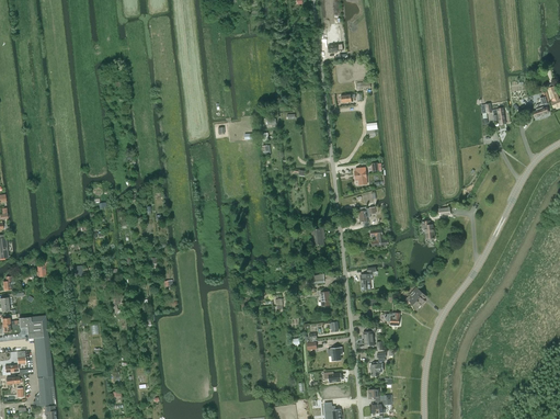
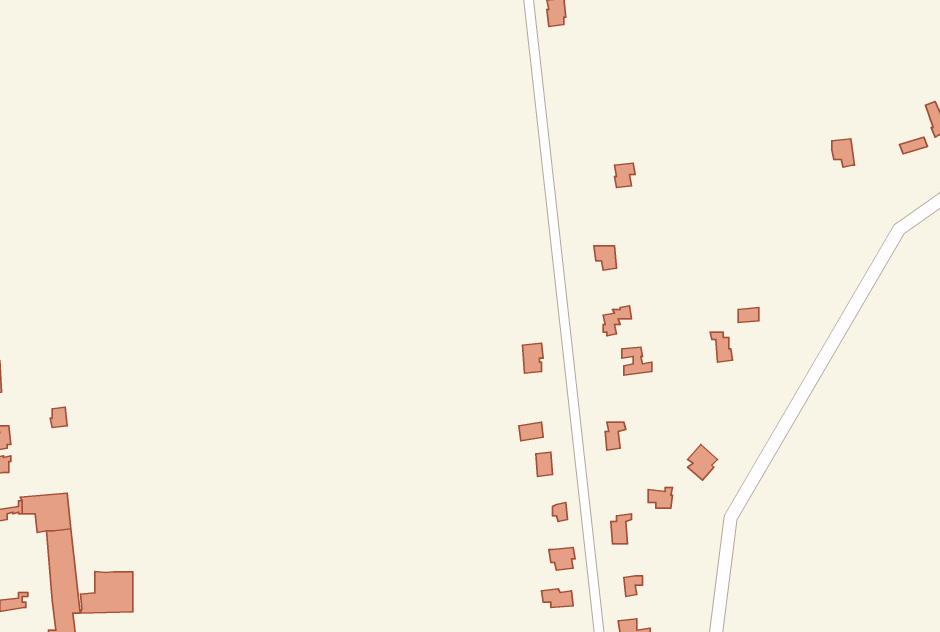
building: none -> [80,572,133,613]

